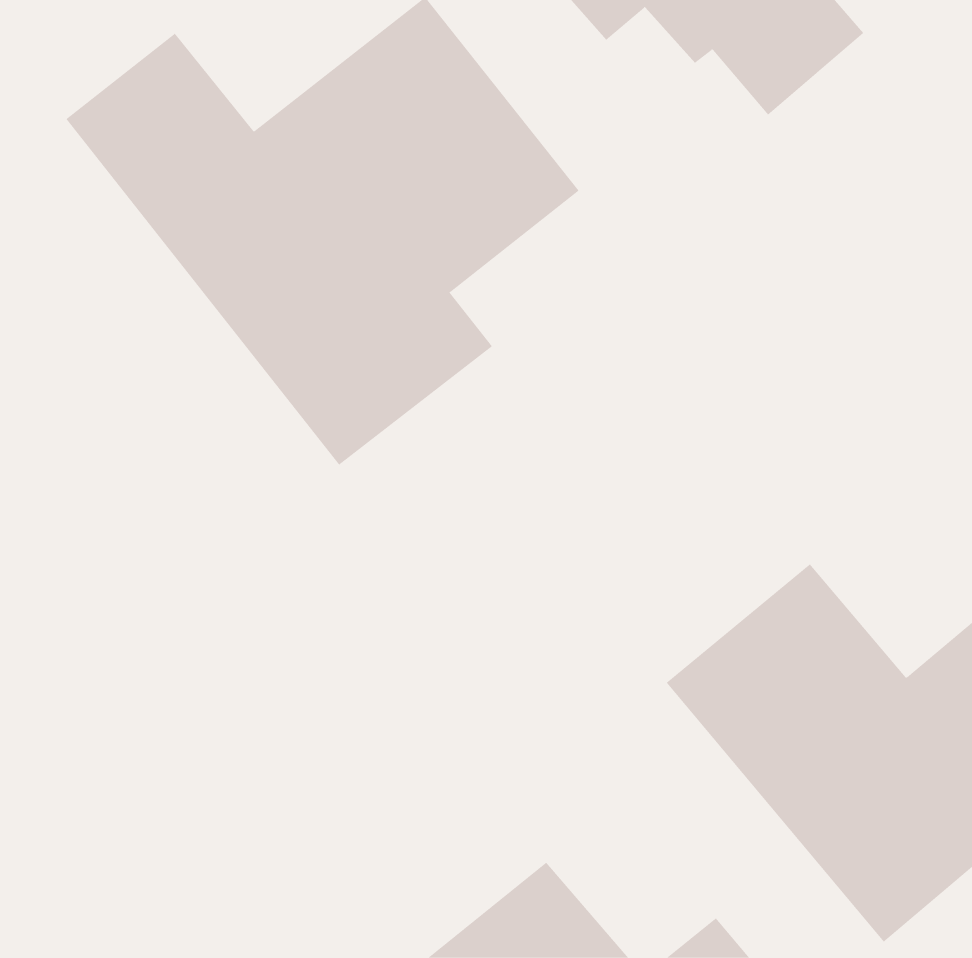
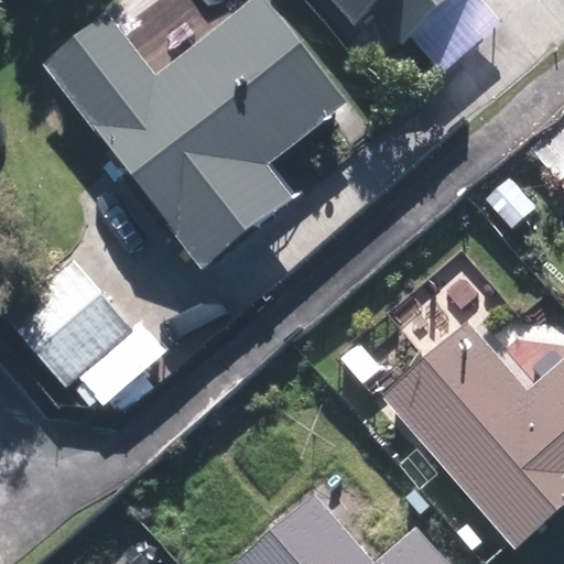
building: none -> [12,261,132,381]

